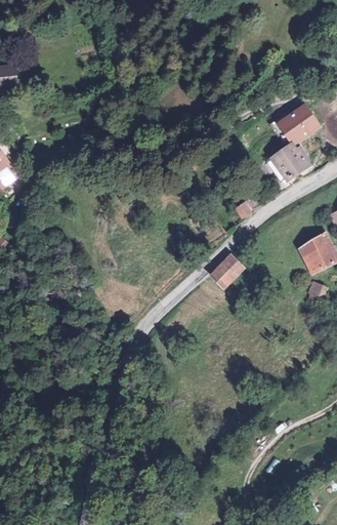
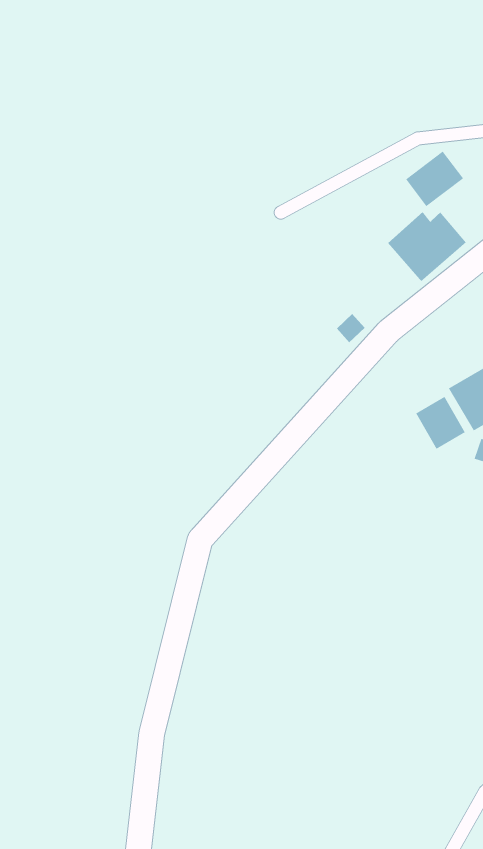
building: none -> [415,396,466,450]
building: [206,253,244,291] -> none

